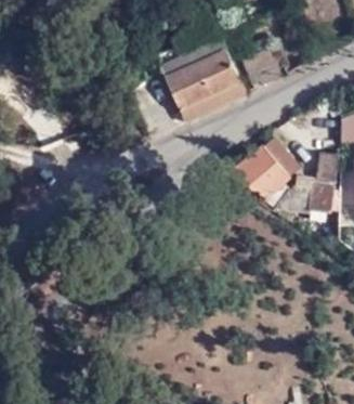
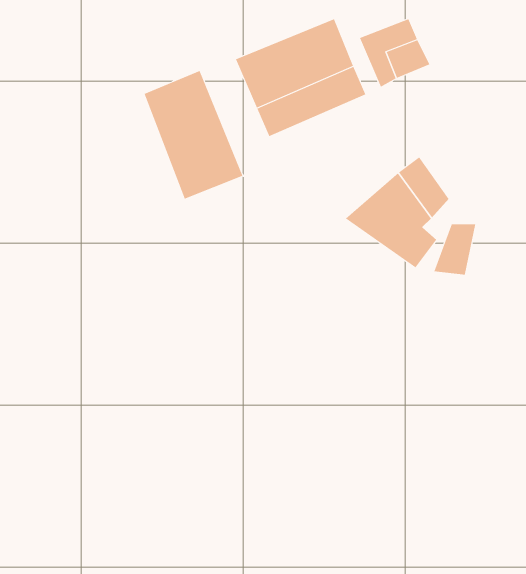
building: none -> [144,70,243,199]
building: [307,141,338,208] -> none

